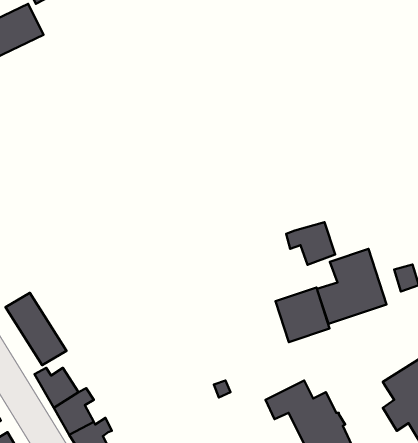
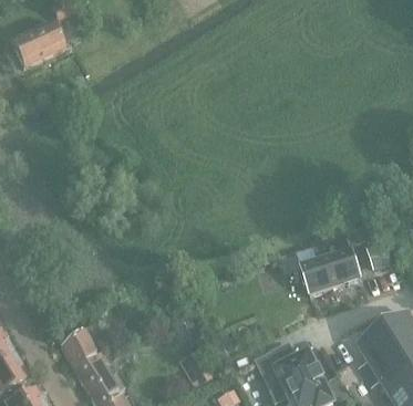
building: [286,222,335,265] -> none
building: [276,287,330,342] -> none
building: [5,293,66,365] -> none

